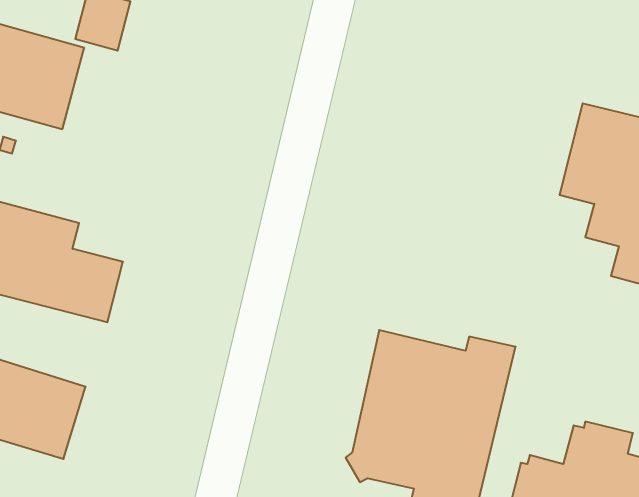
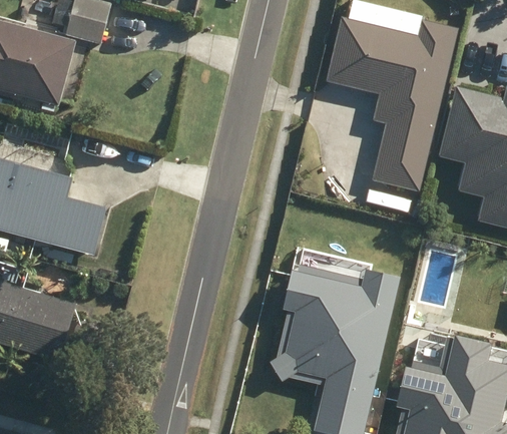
building: none -> [327,14,460,190]

